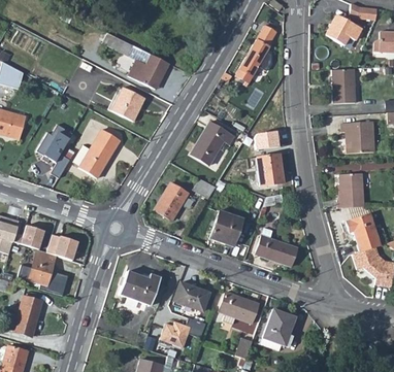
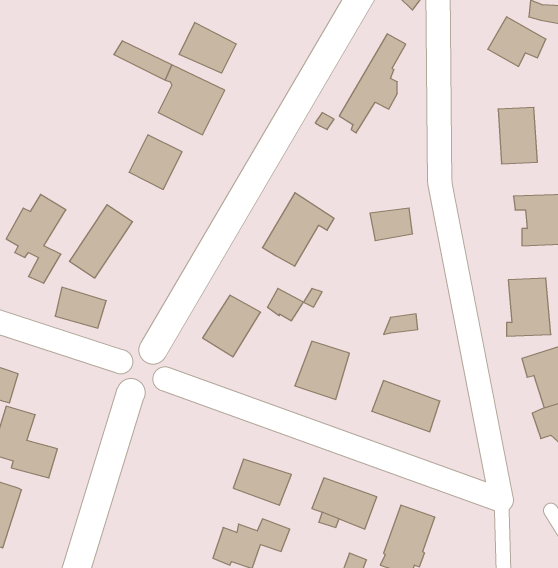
building: none -> [179,22,236,73]
building: [258,155,284,184] -> none
building: [46,233,77,258] -> [55,287,106,328]
building: [121,272,162,306] -> none

